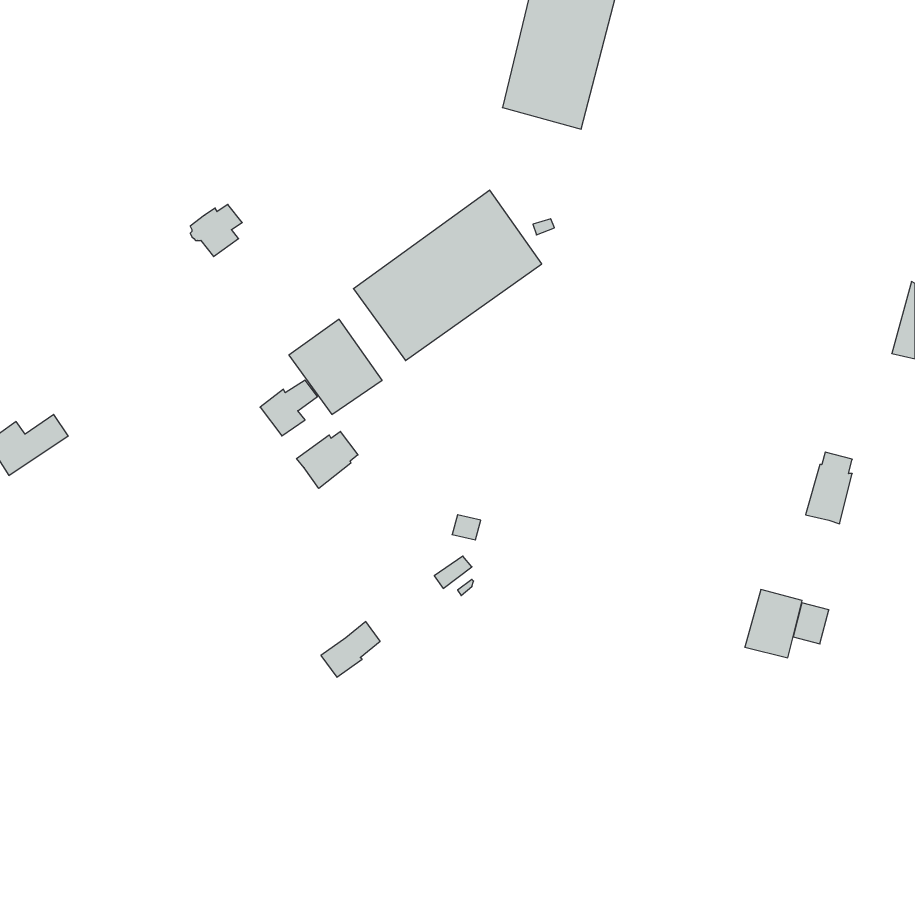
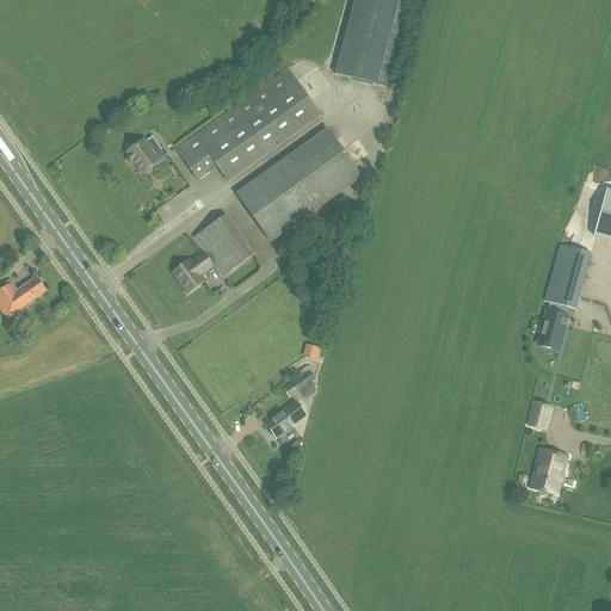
building: none -> [175,68,320,180]
building: none -> [544,243,590,307]
building: [297,431,358,488] -> none
building: [745,590,802,658] -> [529,448,567,493]
building: [321,622,380,677] -> [265,400,304,437]

